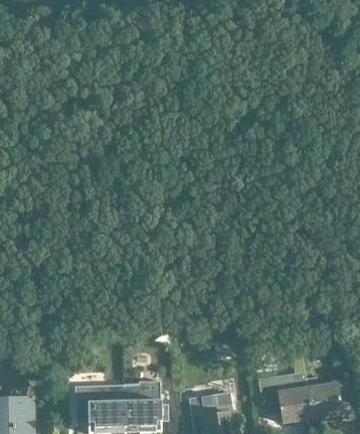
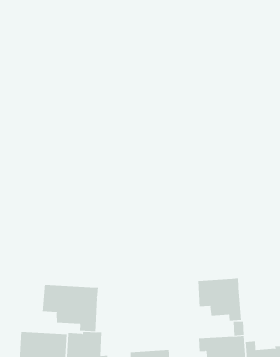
building: none -> [198,278,242,322]
building: none -> [42,284,98,332]

